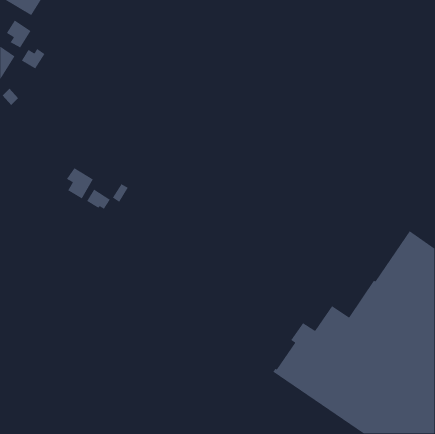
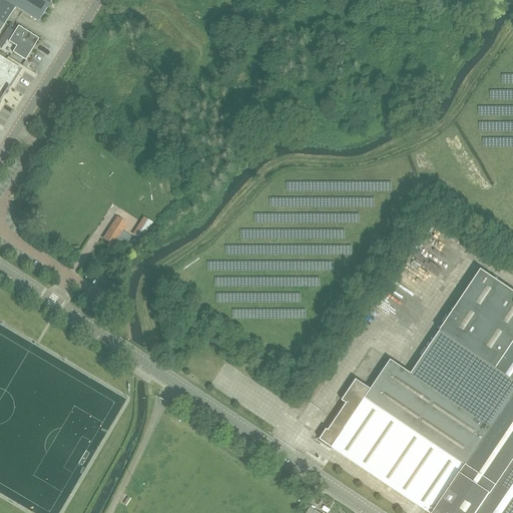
building: [21,48,45,70] -> none
building: [66,167,94,199] -> none

